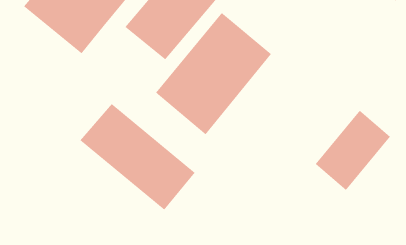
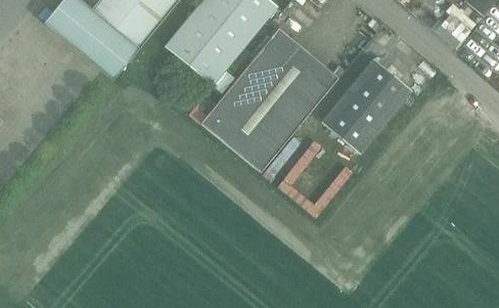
building: [79,103,195,211] -> none
building: [315,110,391,191] -> [321,58,410,153]

